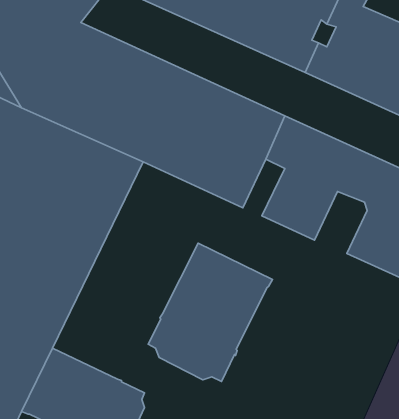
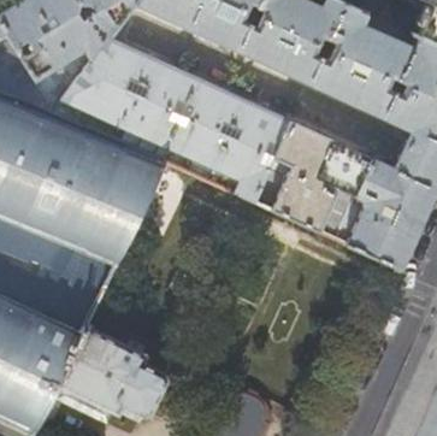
building: [148,243,273,381] -> none

